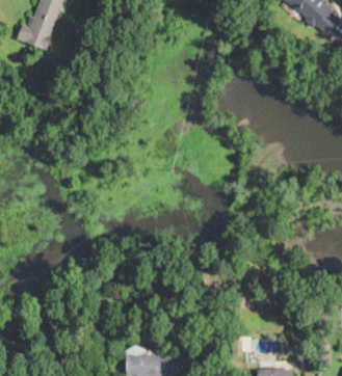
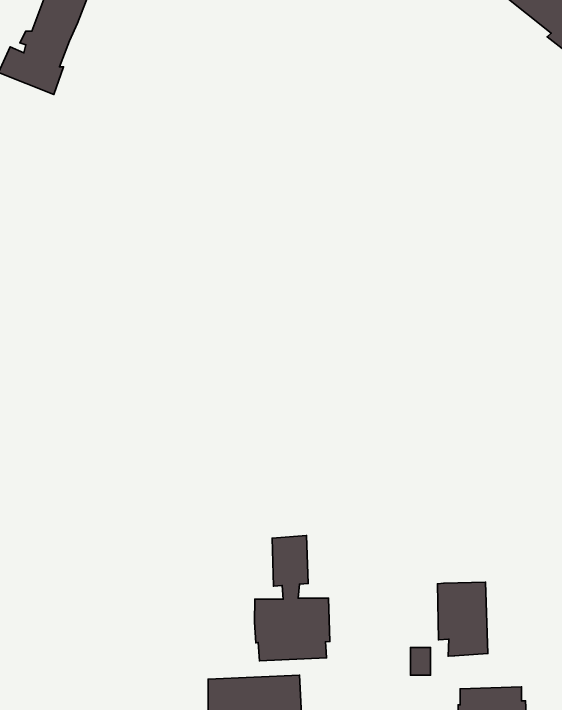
building: none -> [254,535,330,661]
building: none -> [438,582,488,656]

